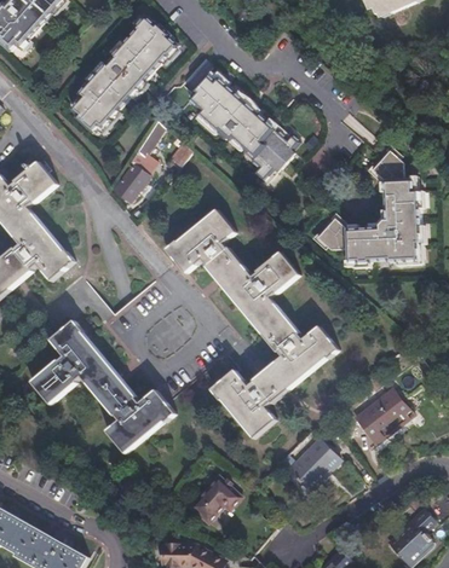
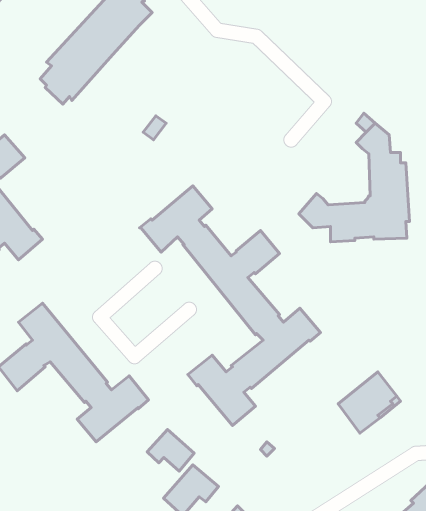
building: [186,71,298,184] -> none
building: [111,120,162,201] -> none
building: [288,437,339,488] -> none
building: none -> [147,429,194,471]

